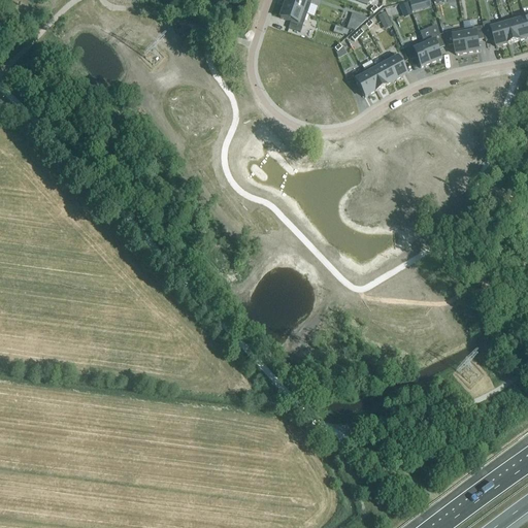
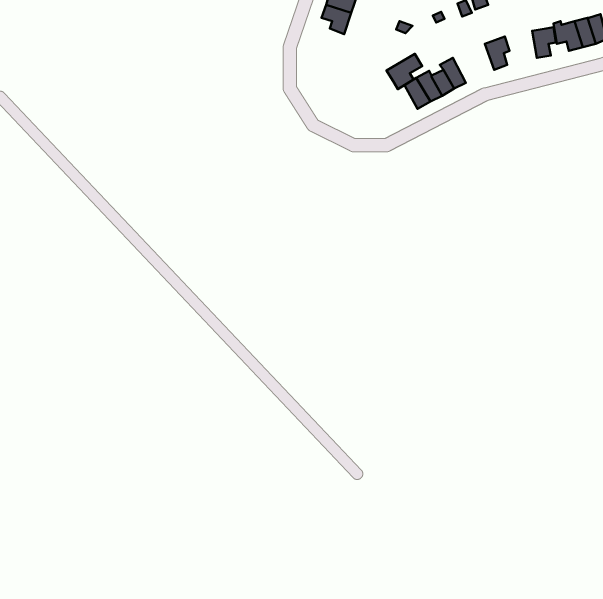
building: [447,27,469,53] -> none
building: [406,38,432,65] -> none
building: none -> [387,54,422,89]

